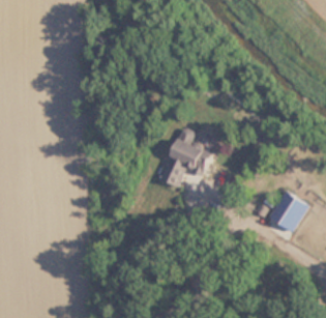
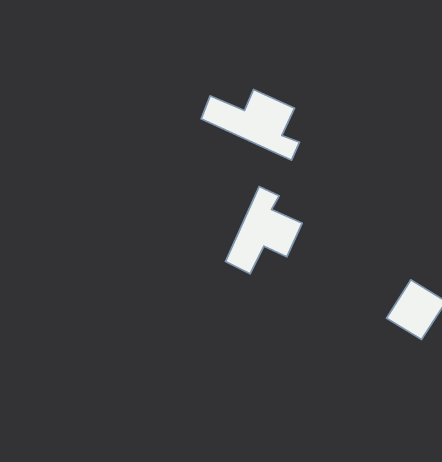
building: none -> [201,90,300,160]

